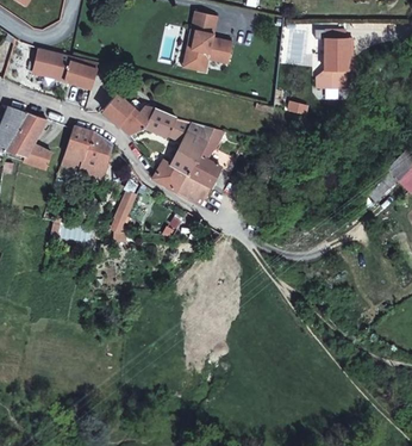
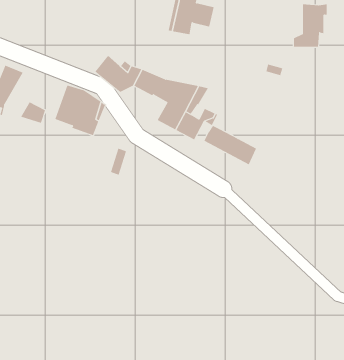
building: [32,47,98,88] -> none
building: [6,113,45,161] -> none
building: [152,161,210,204] -> [204,125,257,165]

